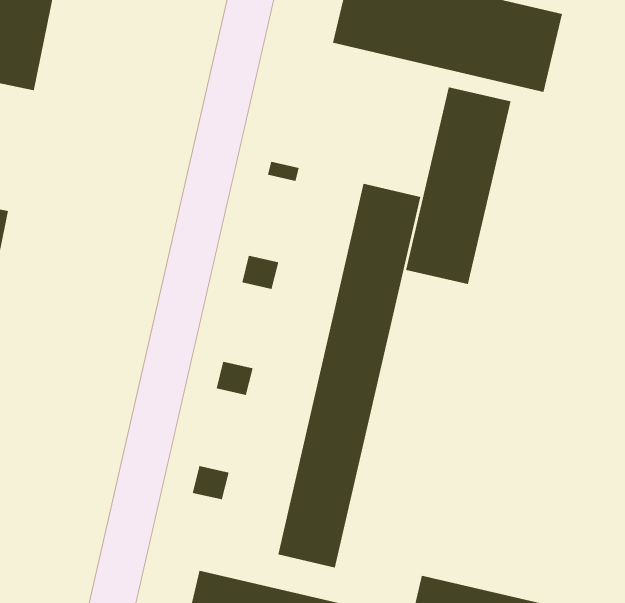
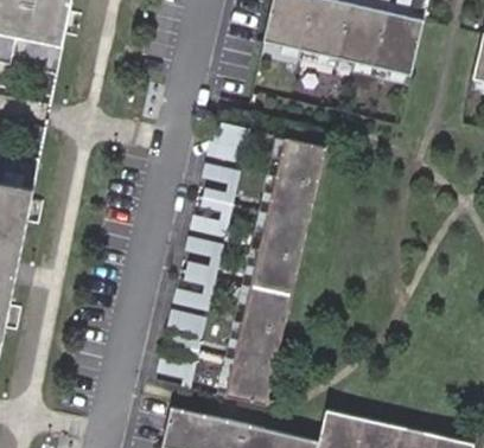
building: [405,87,511,285] -> none

